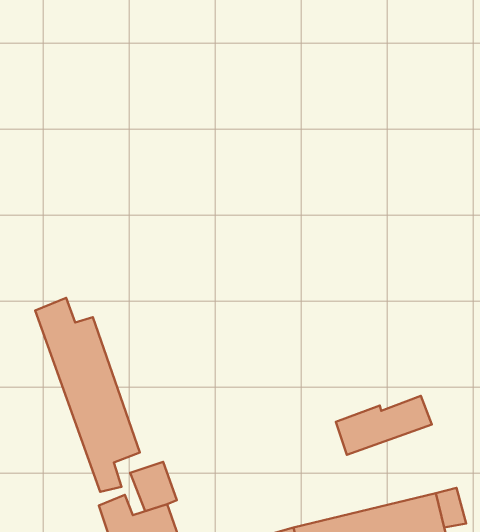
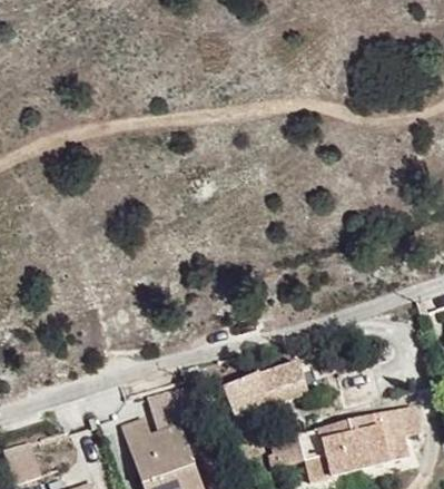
building: [35,298,140,492] -> none
building: [336,396,432,455] -> [225,363,303,411]

